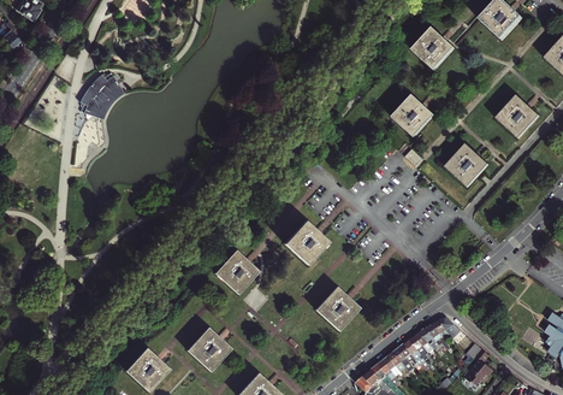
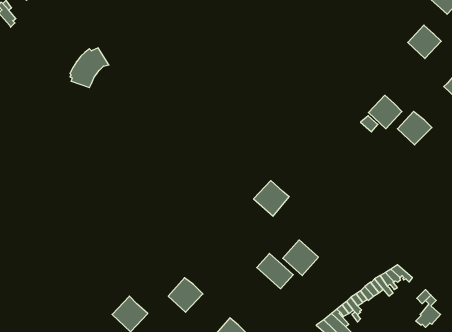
building: [414,28,451,65] -> [408,25,441,59]
building: [392,95,429,132] -> [368,95,402,129]
building: [218,252,257,291] -> none
building: none -> [257,253,293,289]

